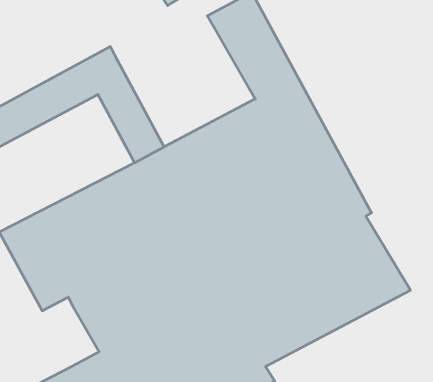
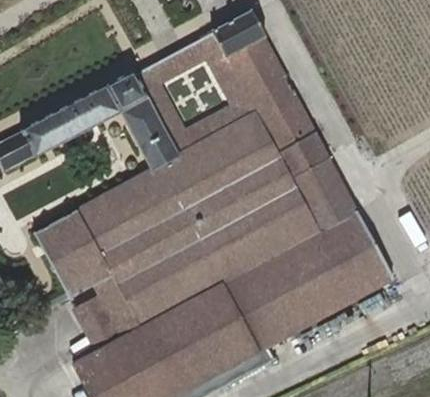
building: none -> [135,32,258,155]
building: none -> [74,295,121,348]

